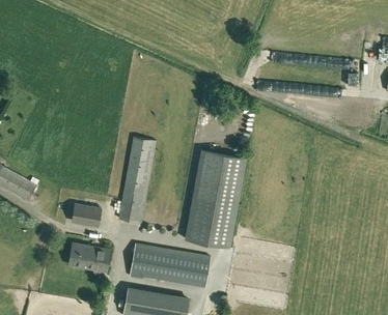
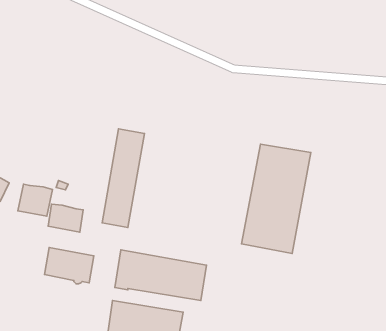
building: [185,149,246,246] -> [242,144,311,253]
building: none -> [18,184,52,216]

